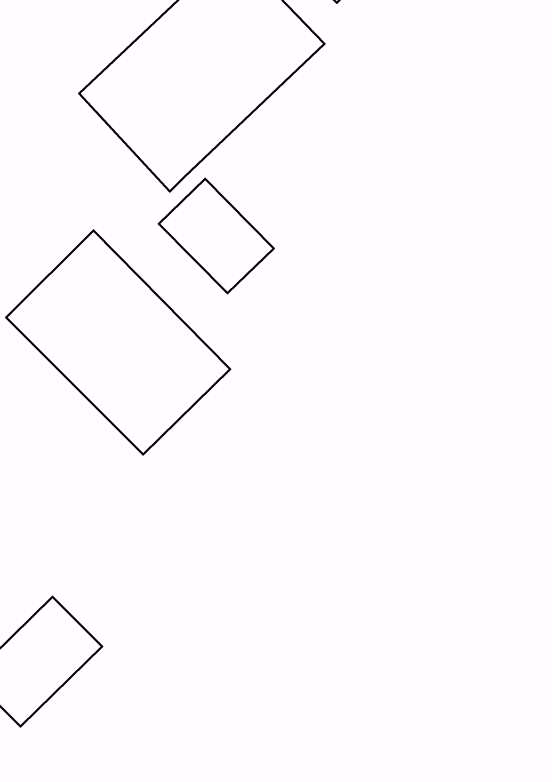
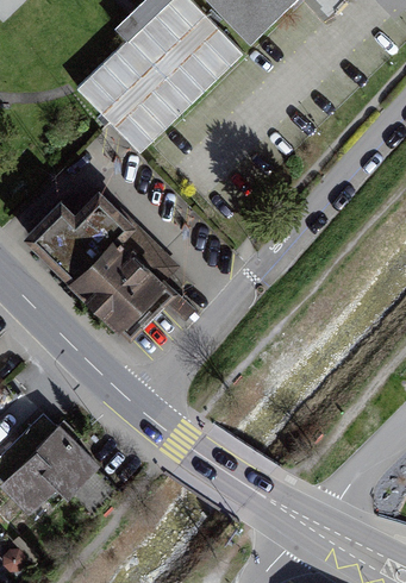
building: [159,179,274,293] -> none

